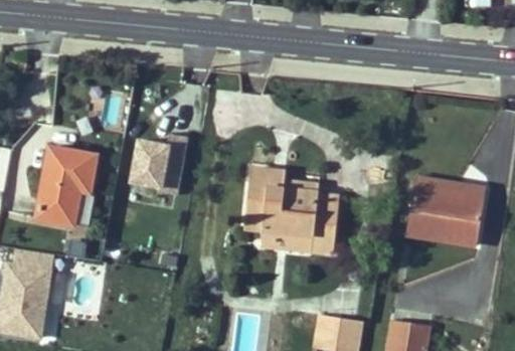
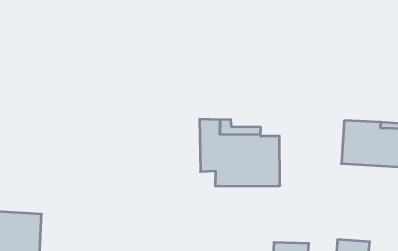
building: [129,136,183,194] -> none
building: [37,146,97,224] -> none

